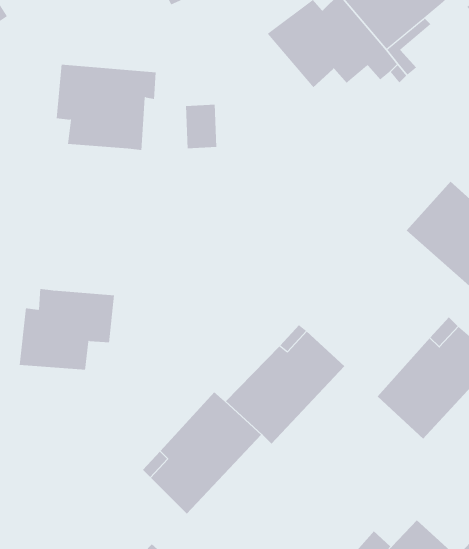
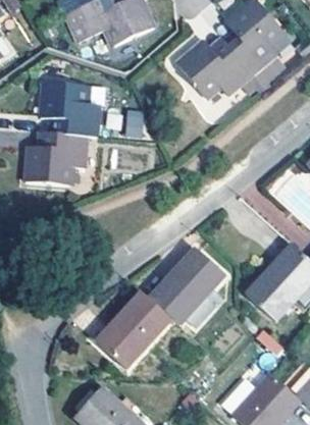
building: [19,289,115,370] -> [25,131,87,183]

